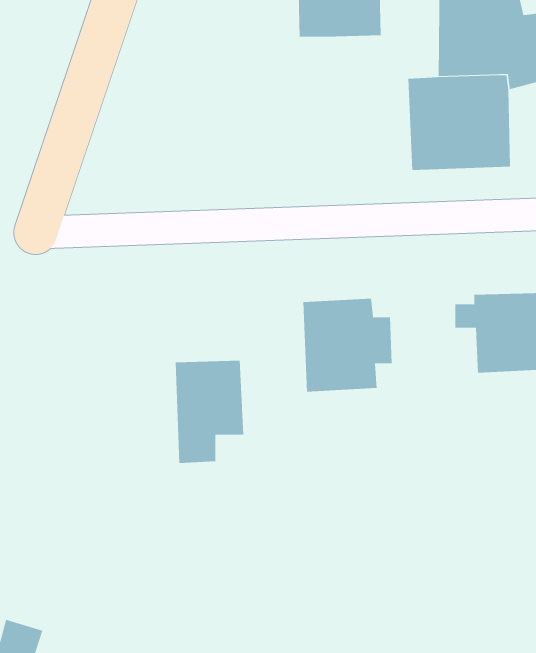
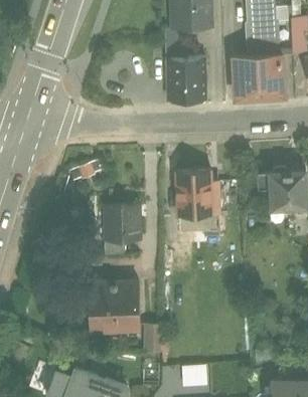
building: none -> [166,29,207,100]
building: none -> [86,273,159,352]

